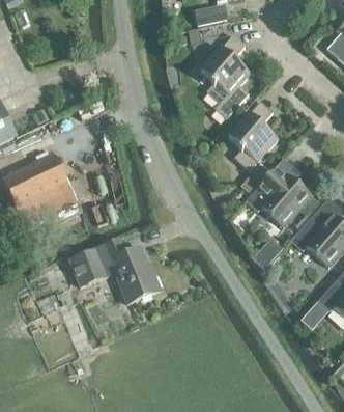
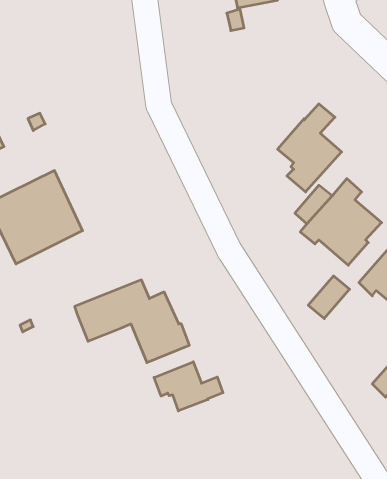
building: [200,34,250,117] -> none
building: none -> [154,362,223,411]

